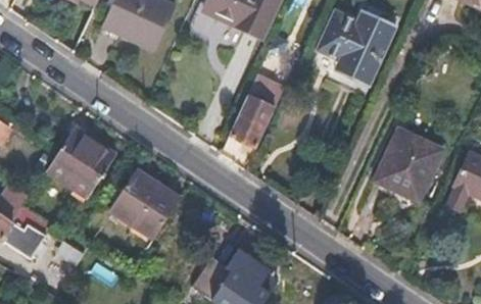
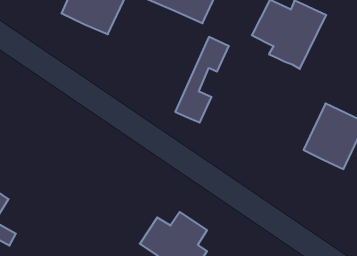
building: [45,132,115,198] -> none
building: [109,168,180,239] -> none

